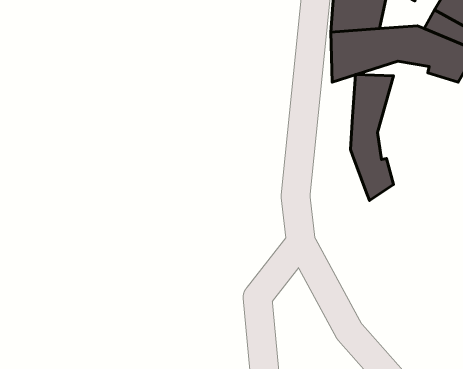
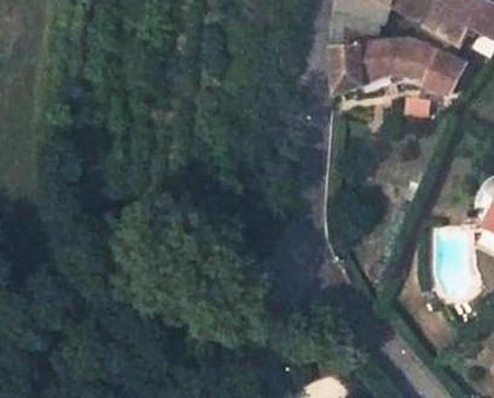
building: [351,75,394,200] -> none

